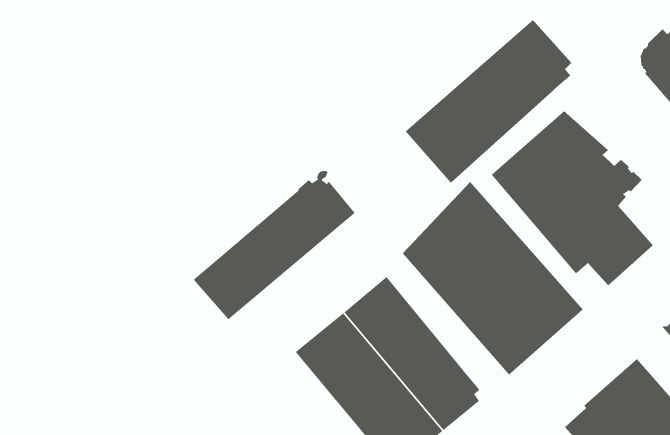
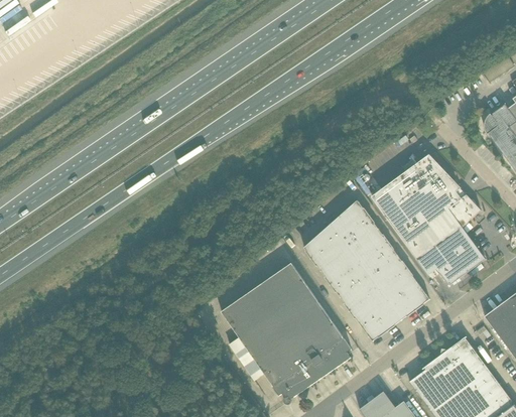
building: [405,19,572,183] -> none
building: [193,170,355,320] -> none

